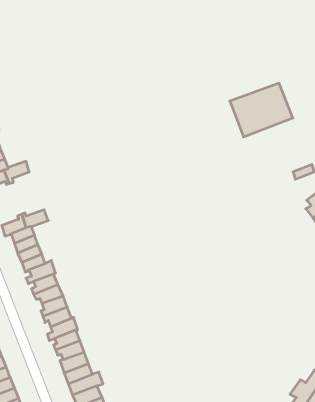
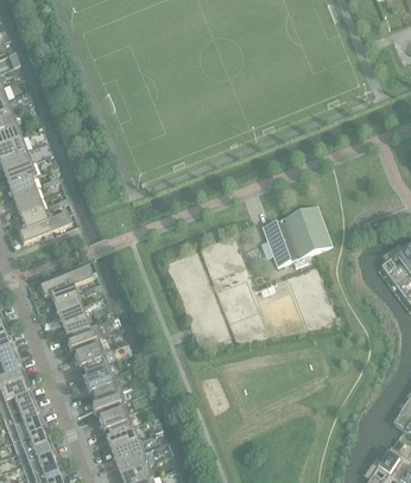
building: [230,83,293,137] -> [261,204,333,265]

